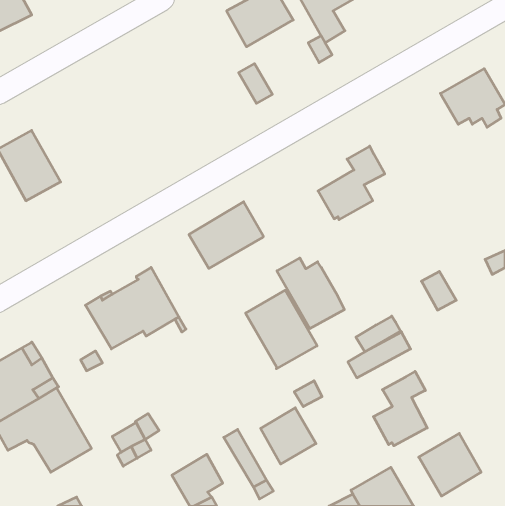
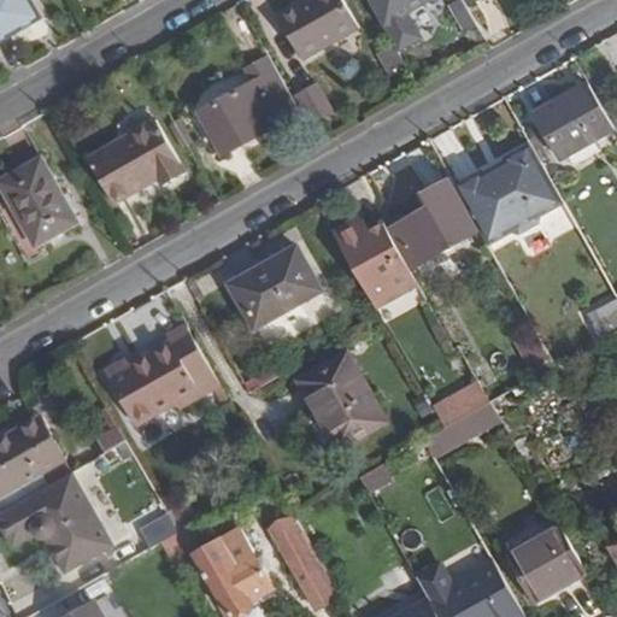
building: none -> [196,57,296,153]
building: none -> [86,118,182,202]
building: none -> [453,142,560,243]
building: [277,258,344,328] -> [331,219,413,305]
building: [373,371,427,446] -> none
building: [261,408,316,464] -> none
building: none -> [195,529,251,576]

